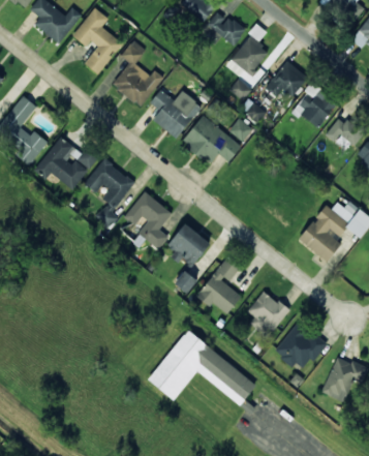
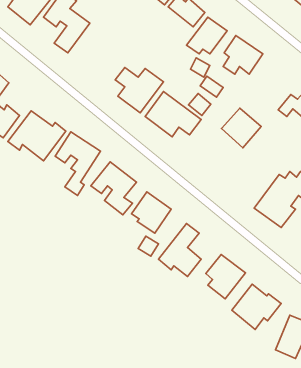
building: [112,40,163,108] -> none
building: [295,86,337,128] -> [221,108,261,148]
building: [148,330,256,405] -> none

